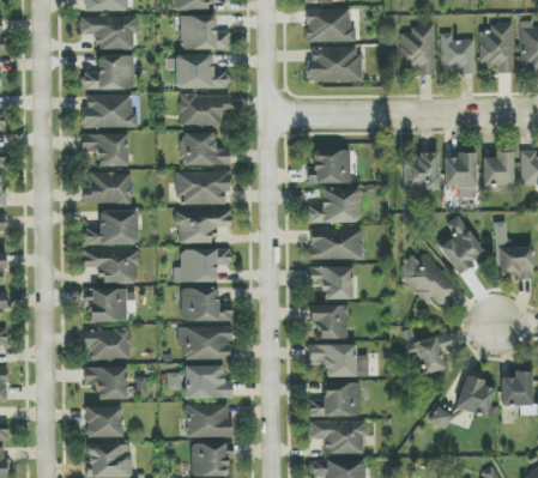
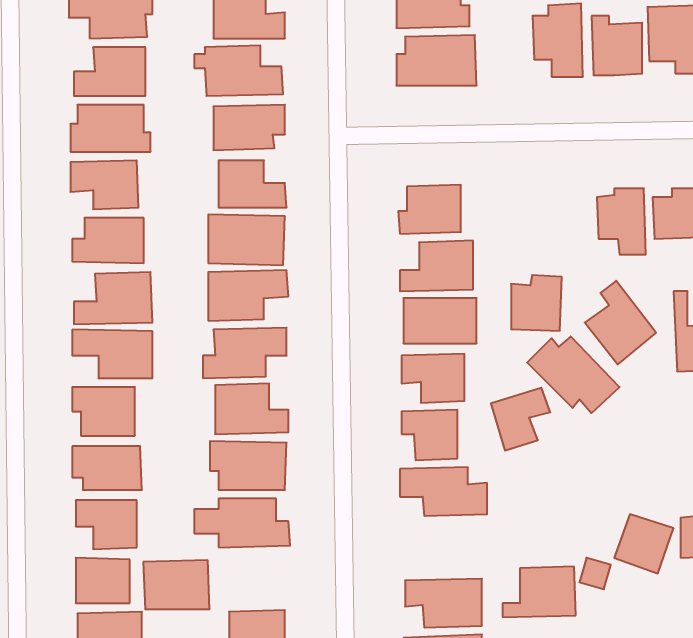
building: [404,152,439,190] -> [511,275,562,331]
building: [413,332,454,375] -> [491,388,550,451]
building: [310,382,361,417] -> [503,567,576,617]
building: [185,404,230,437] -> [143,560,210,609]

